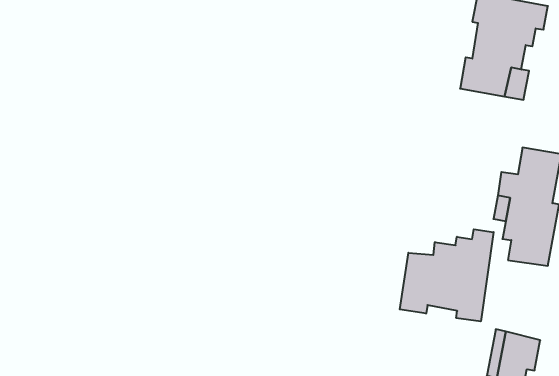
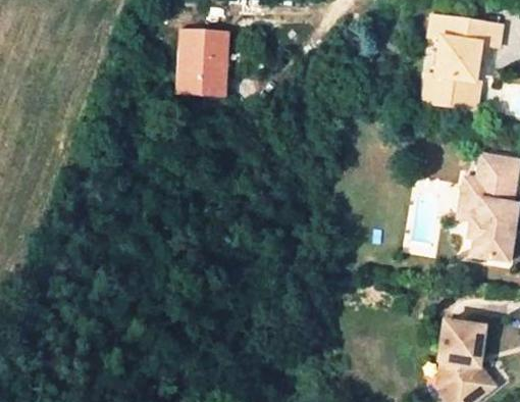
building: none -> [174,31,224,95]
building: [400,229,494,321] -> none

